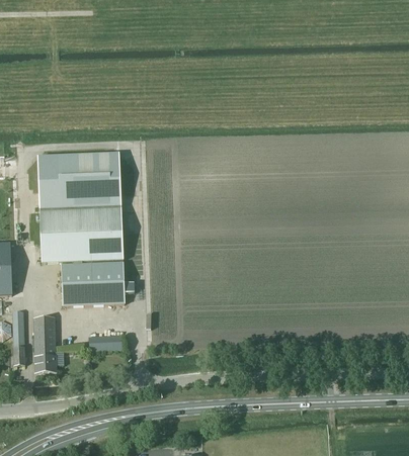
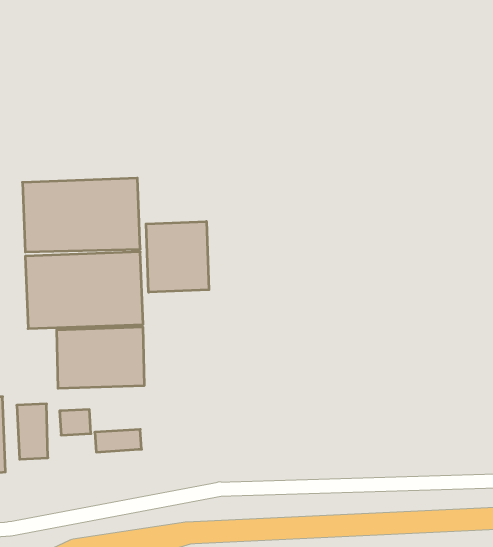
building: none -> [146,221,209,292]
building: [33,354,56,372] -> [60,410,91,435]

